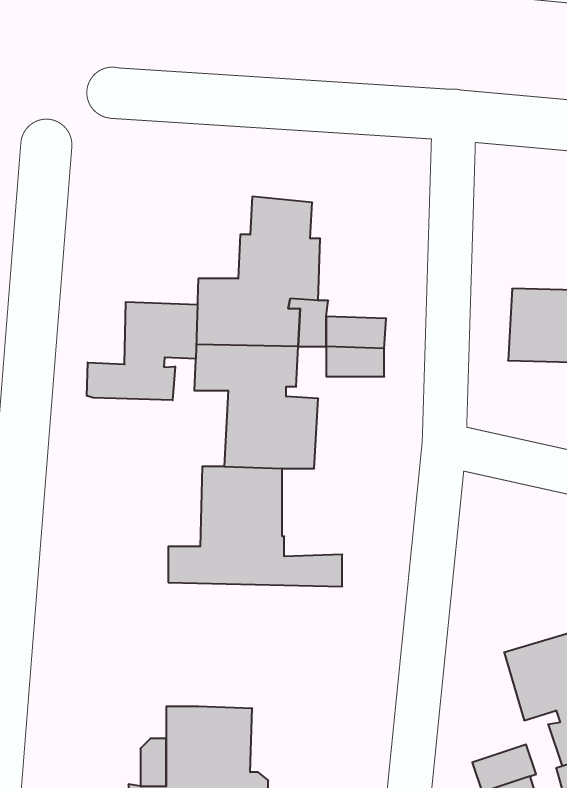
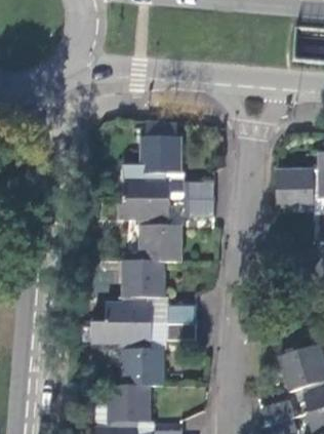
building: [87,302,197,400] -> none
building: none -> [91,320,196,385]

